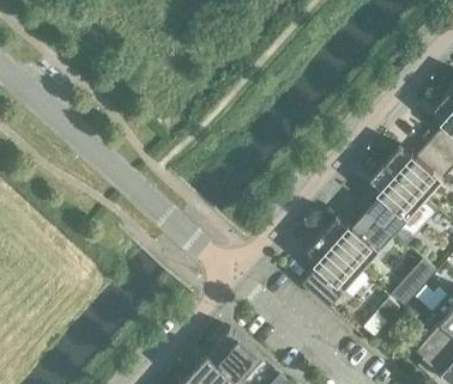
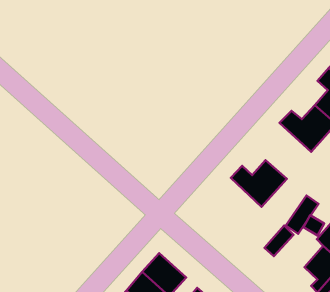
building: [368,163,440,246] -> none
building: [304,233,363,306] -> none

